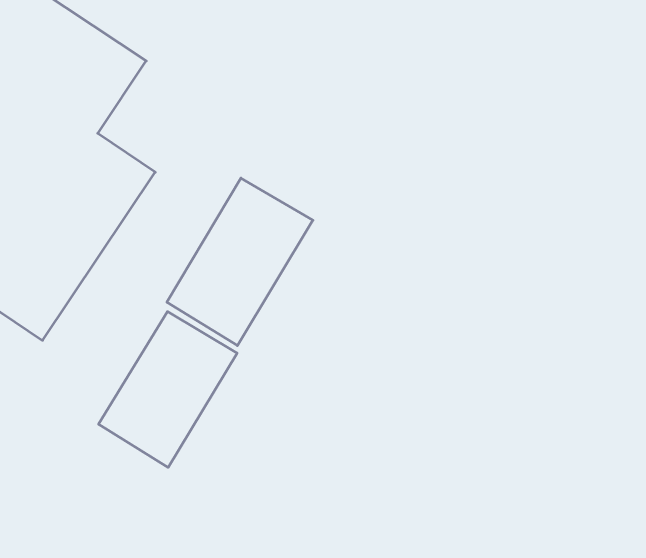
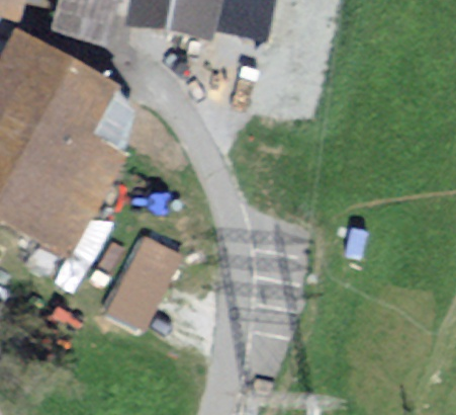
building: [167,178,313,346] -> none

